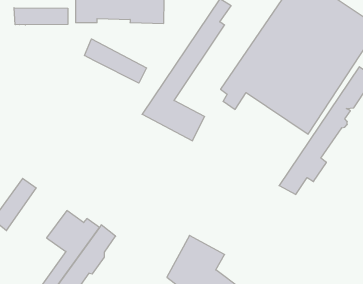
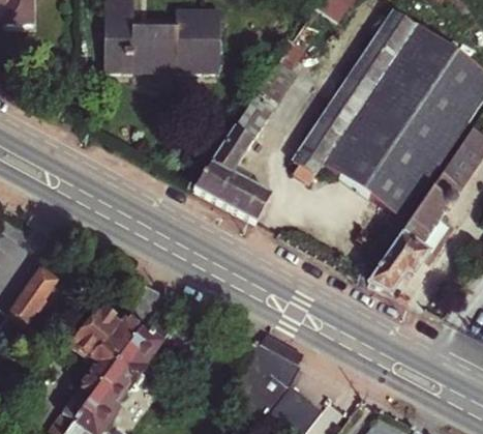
building: [14,8,68,25] -> none
building: [85,39,147,83] -> none

